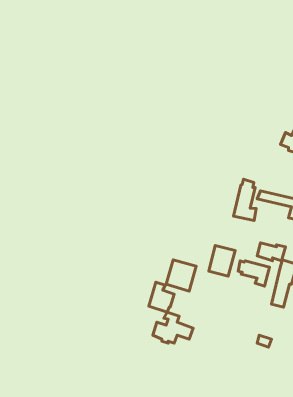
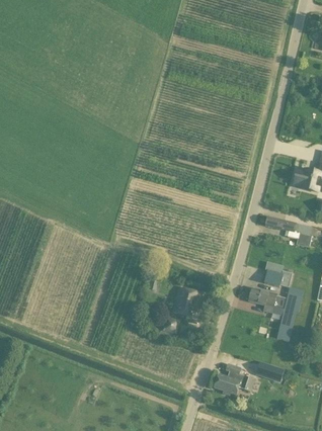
building: [233,179,256,221] -> none
building: [209,245,235,276] -> none
building: [153,312,193,343] -> [213,363,253,395]

